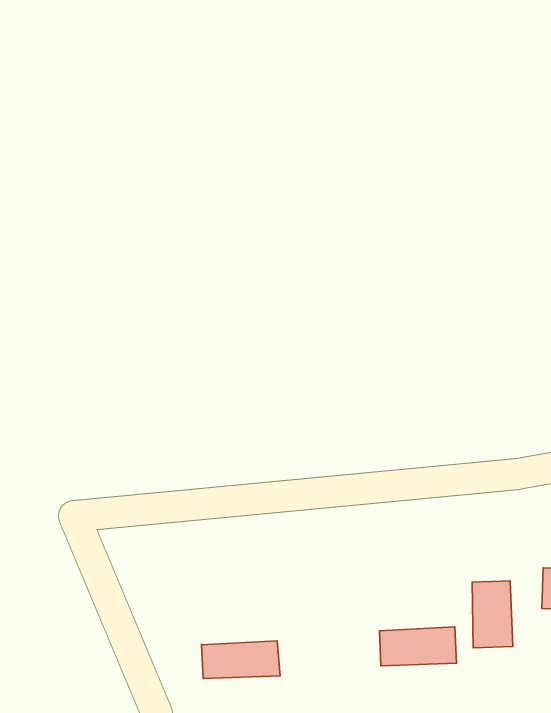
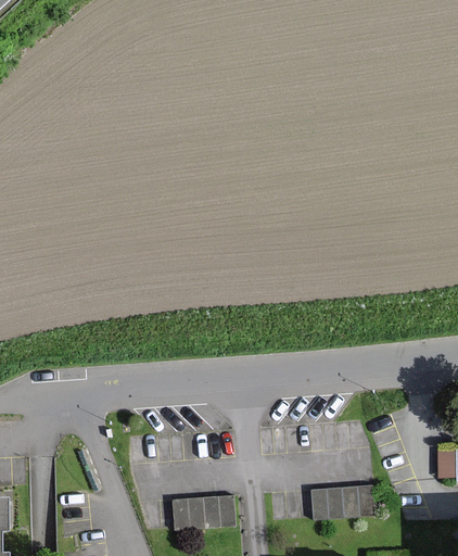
building: [472,581,513,648] -> none

